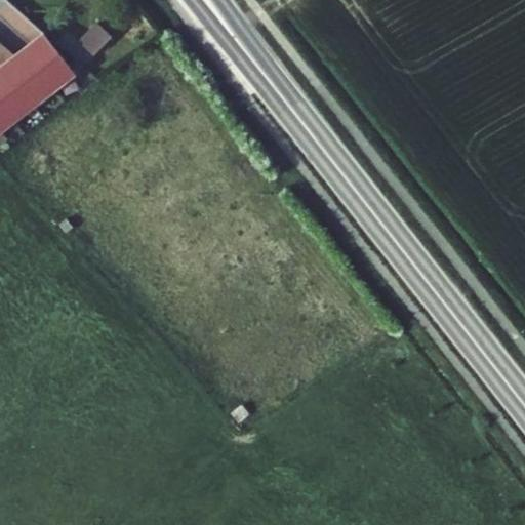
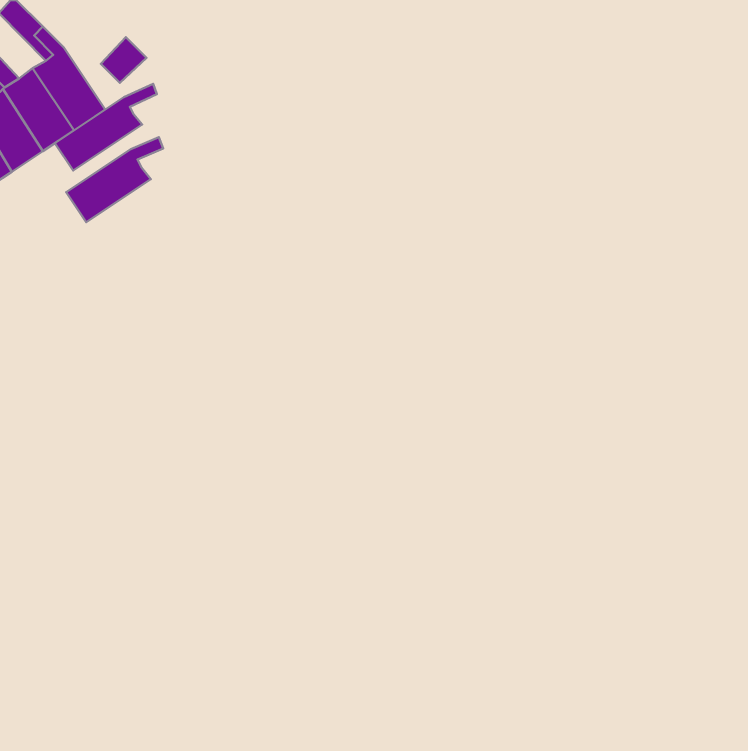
building: none -> [55,84,157,171]
building: none -> [66,137,163,222]

